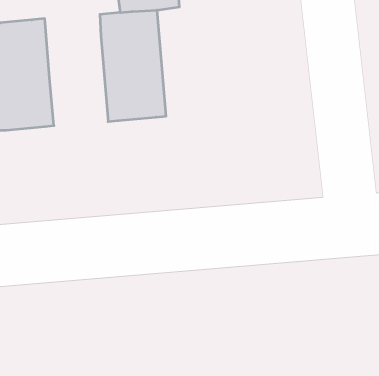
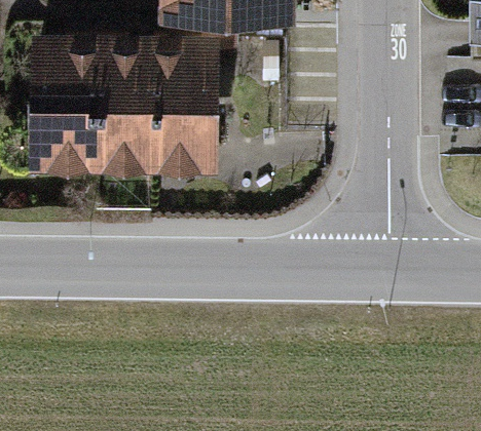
building: none -> [102,37,158,146]

